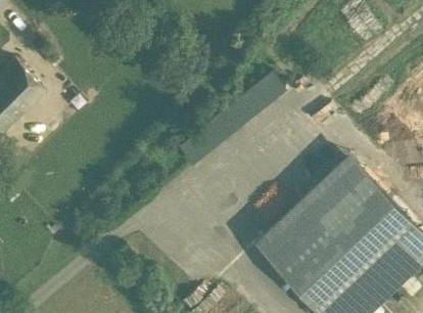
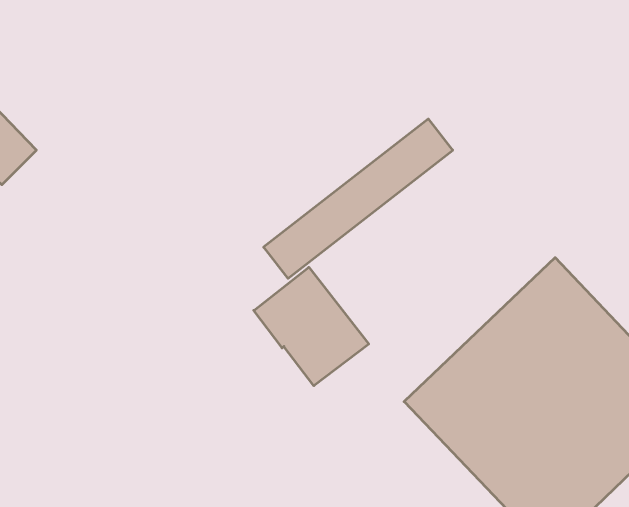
building: none -> [254,267,369,386]

